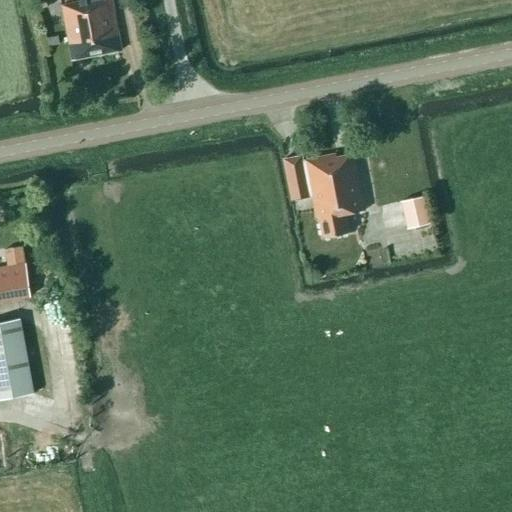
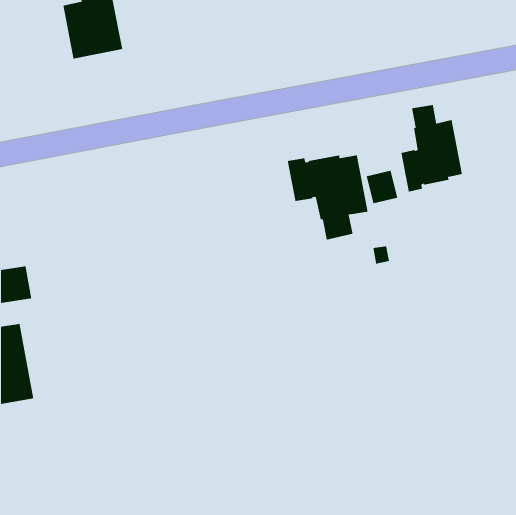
building: none -> [401,104,463,192]
building: [400,194,432,228] -> [366,170,398,204]

